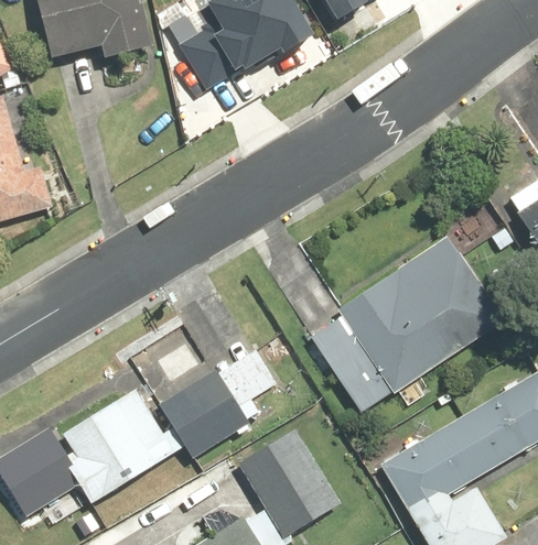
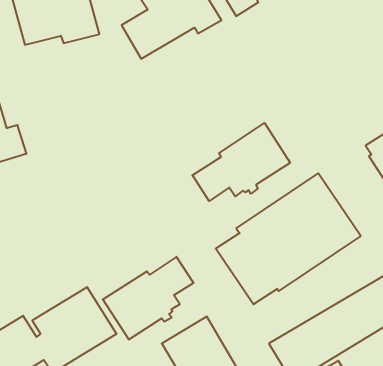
building: none -> [192,123,290,201]

